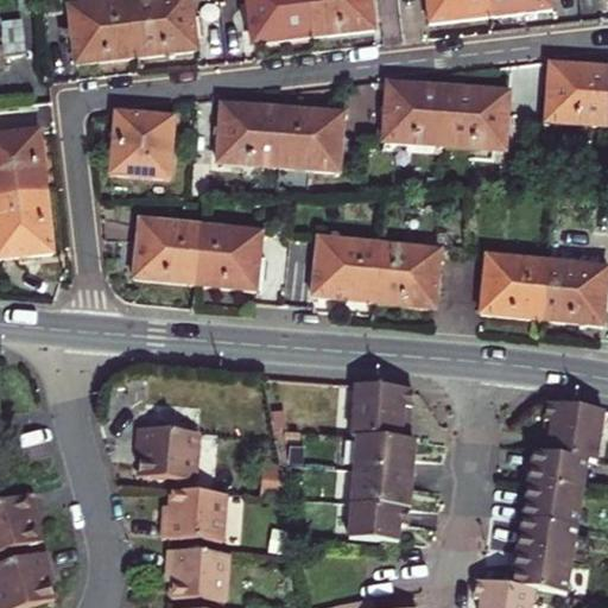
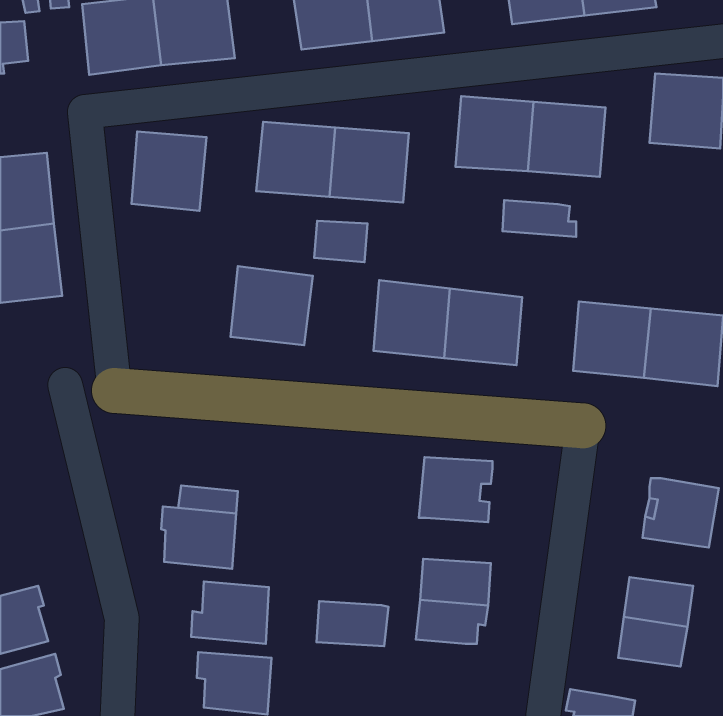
building: none -> [503,200,576,237]
building: none -> [314,221,367,262]
building: [135,217,200,283] -> none
building: [355,435,416,473] -> [316,601,389,646]
building: [528,450,587,492] -> none
building: [514,552,571,594] -> none

